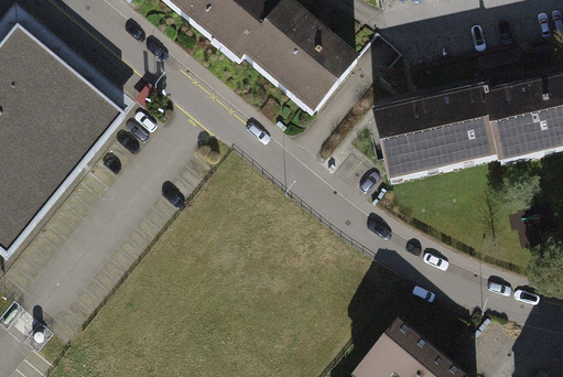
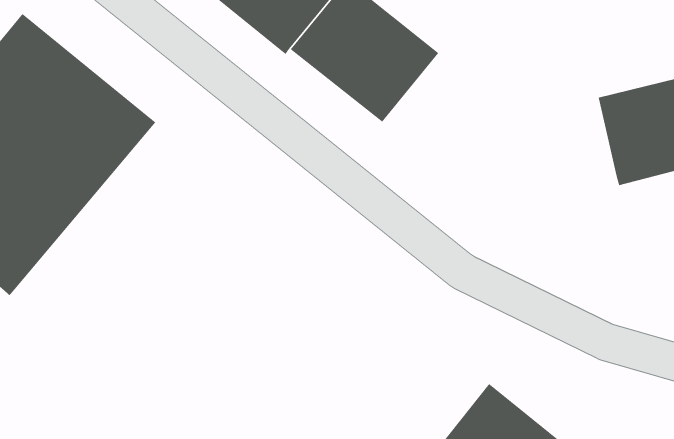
building: [373,84,499,180] -> none

